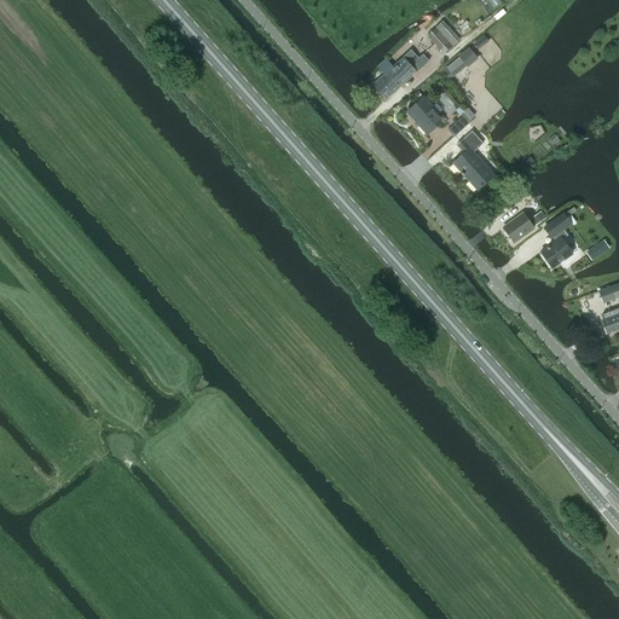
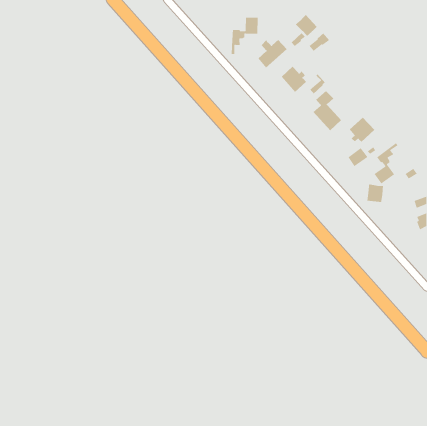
building: none -> [231,17,259,55]
building: none -> [349,117,375,143]
building: none -> [366,184,384,203]

